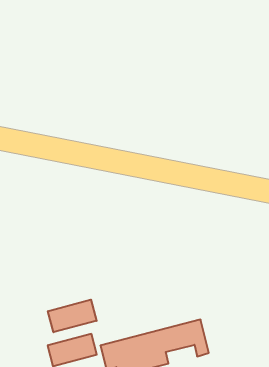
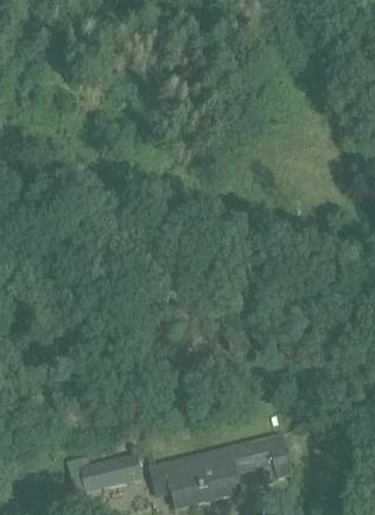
building: [48,300,97,332] -> none

